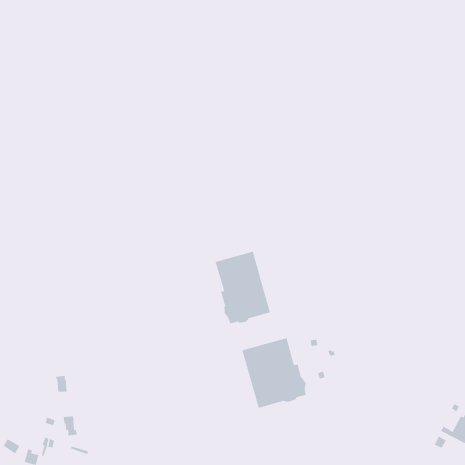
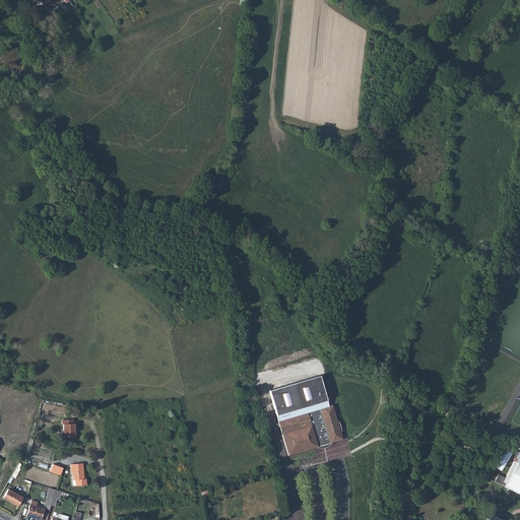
building: [215,251,271,324] -> none

